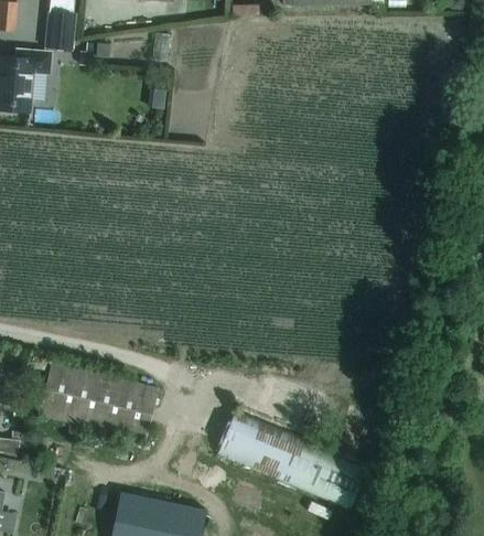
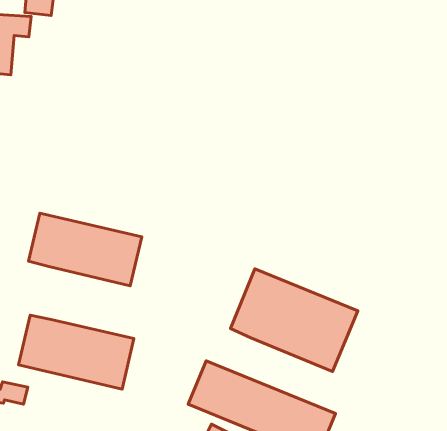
building: none -> [28,213,142,286]
building: none -> [231,269,358,372]

